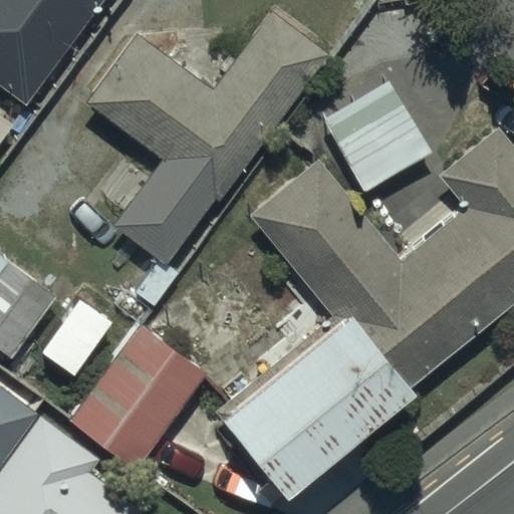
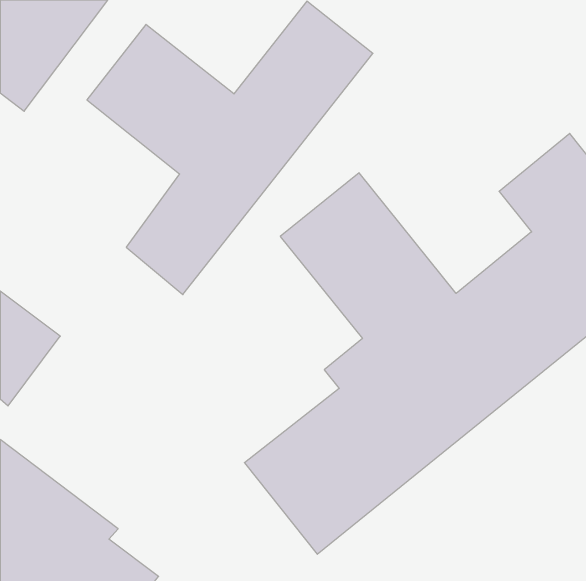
building: [324,83,434,194] -> none
building: [70,327,207,473] -> none

